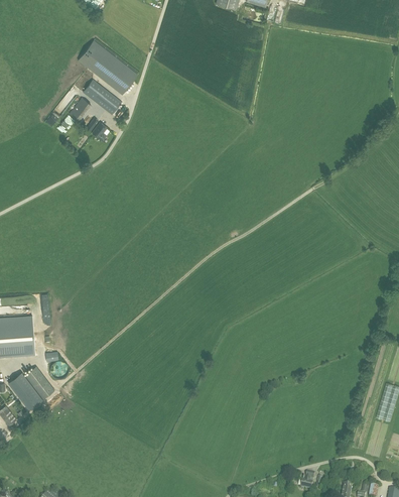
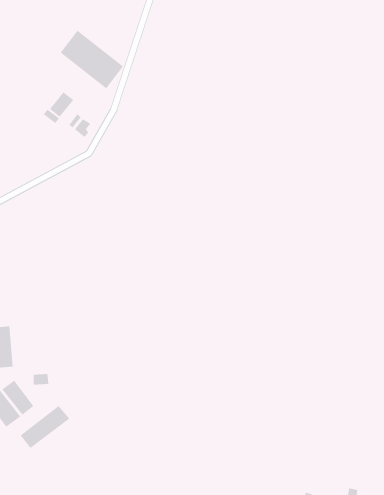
building: [82,79,121,113] -> none
building: none -> [20,405,70,449]

